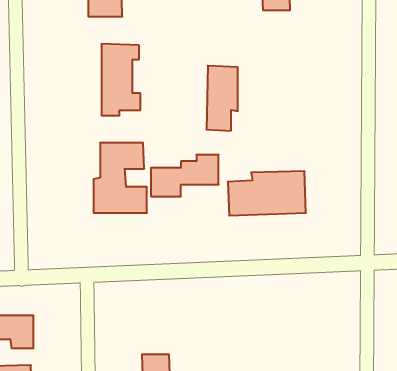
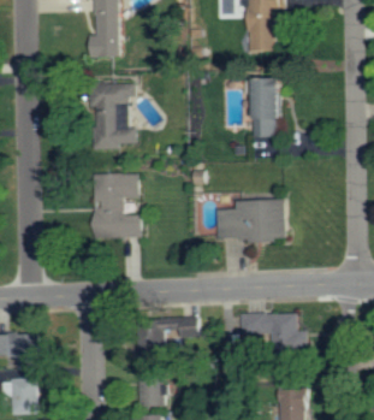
building: [206,66,238,131] -> [254,77,283,137]
building: [151,155,219,196] -> [136,318,198,356]
building: none -> [239,313,307,350]

